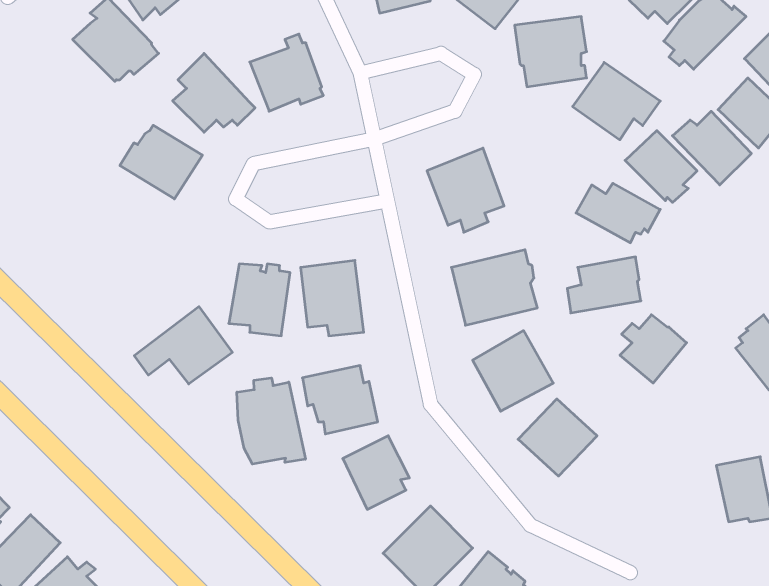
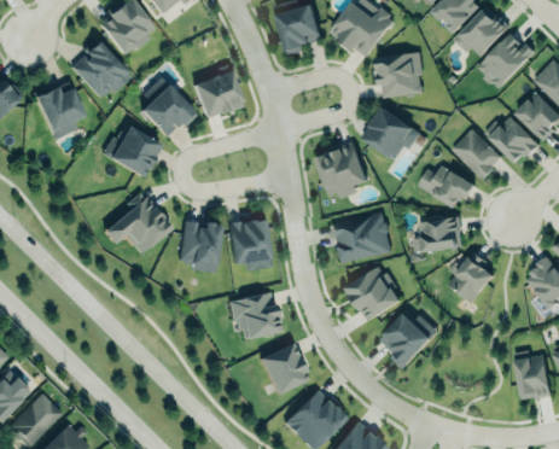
building: [573,62,660,140] -> [361,107,421,161]
building: none -> [33,84,86,138]
building: [134,307,232,384] -> [99,194,167,247]
building: [237,378,305,464] -> none

